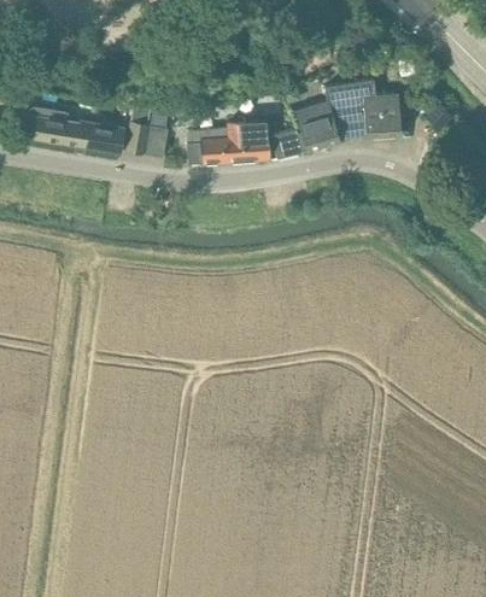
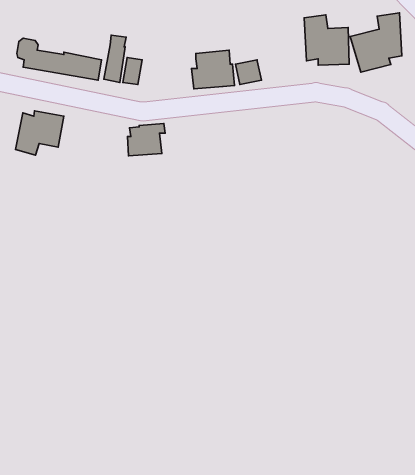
building: [294,82,352,148] -> [350,13,402,72]
building: [187,128,229,164] -> [127,123,165,156]
building: none -> [16,111,64,155]

